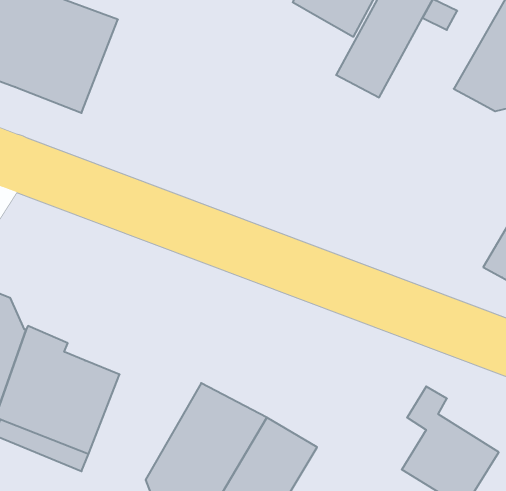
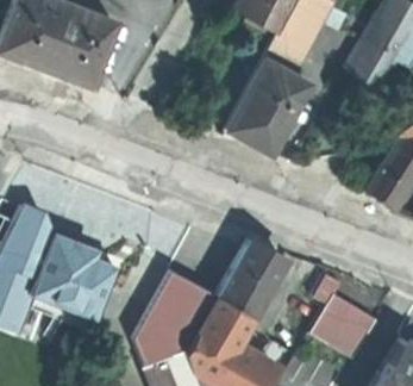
building: none -> [227,60,311,155]
building: none -> [218,238,284,316]

